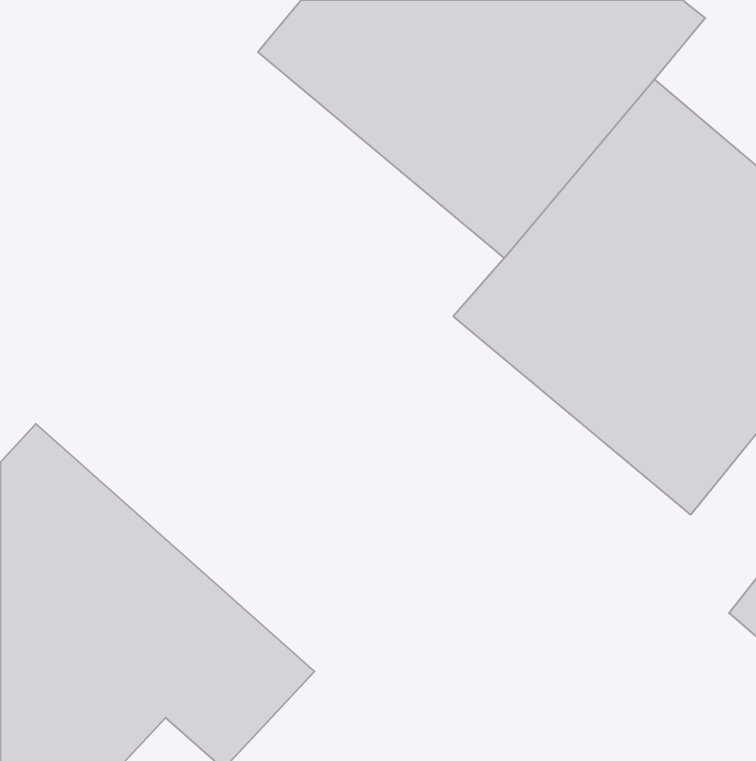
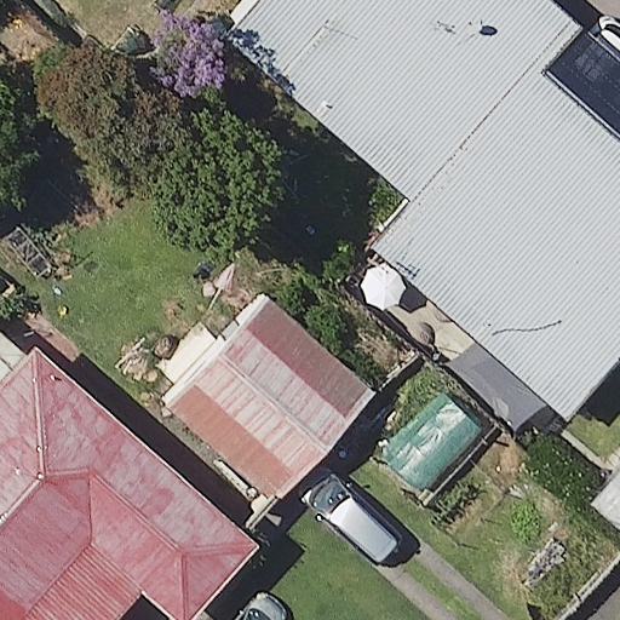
building: none -> [170,286,377,494]

